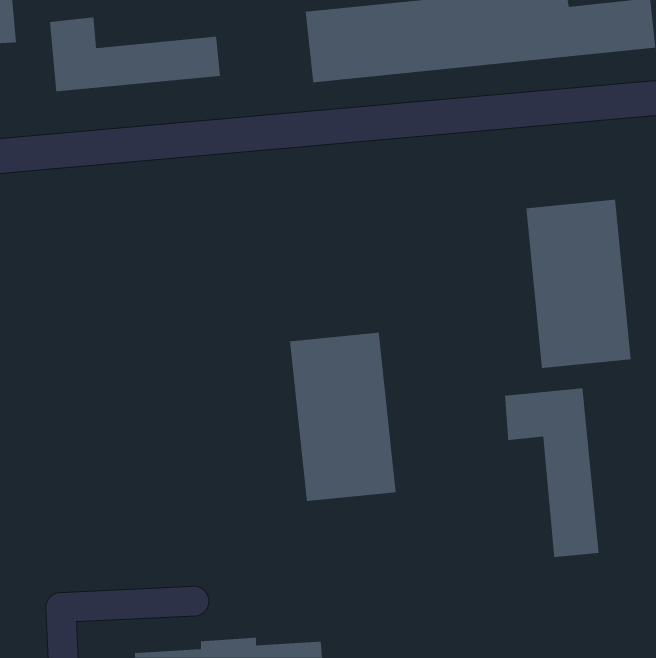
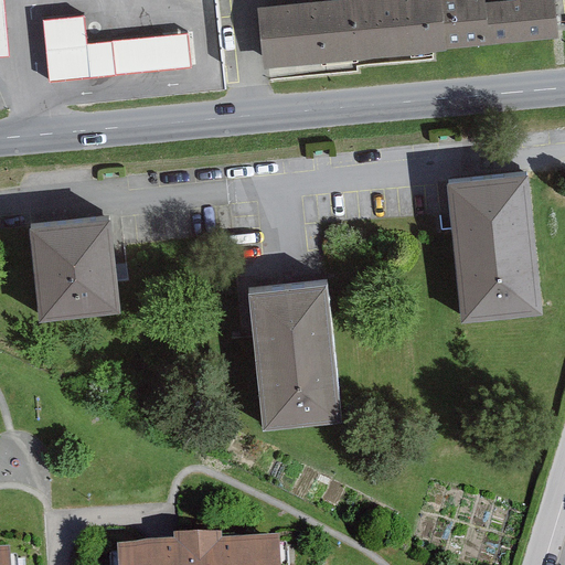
building: none -> [26,215,118,315]
building: [505,388,599,558] -> none

